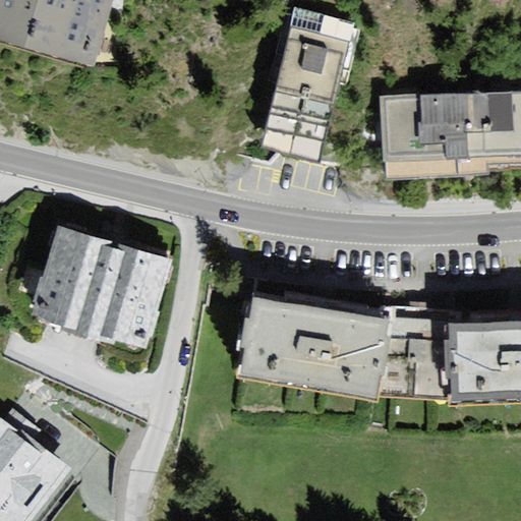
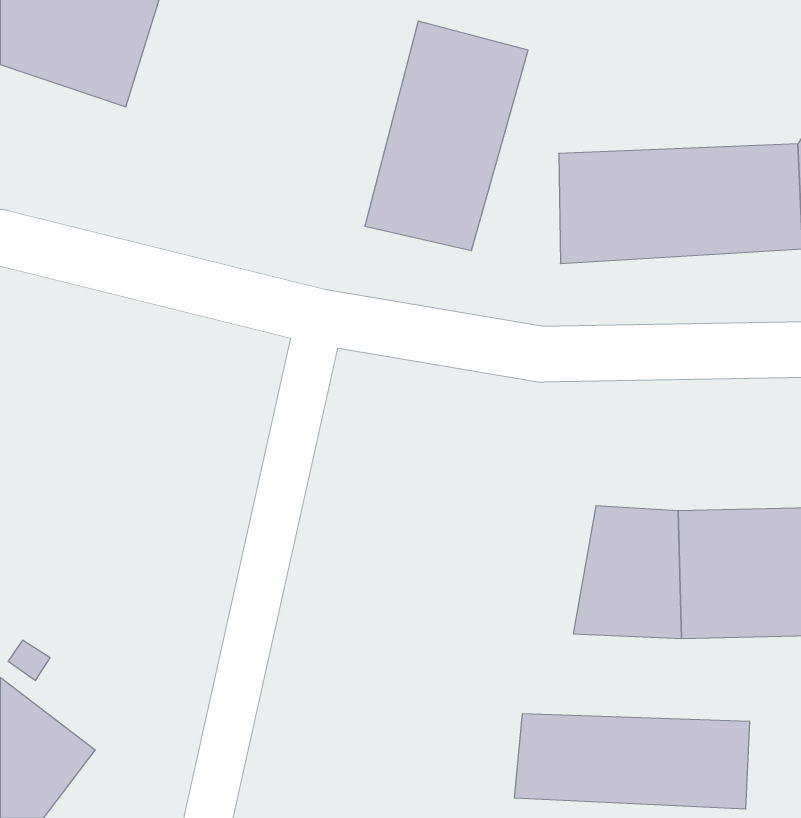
building: [32,222,184,352] -> none
building: [233,295,391,399] -> none
building: none -> [514,714,749,809]

